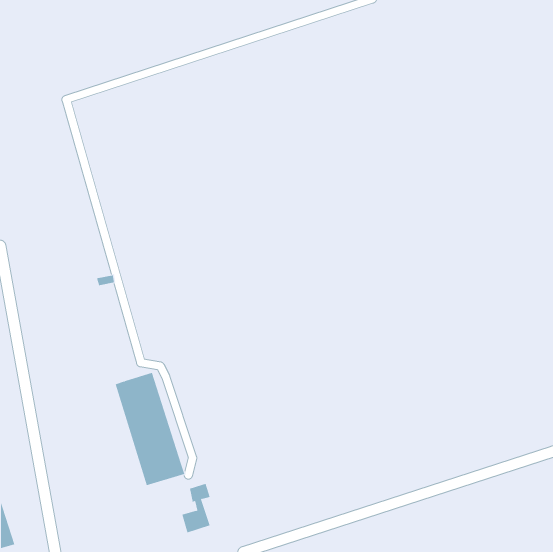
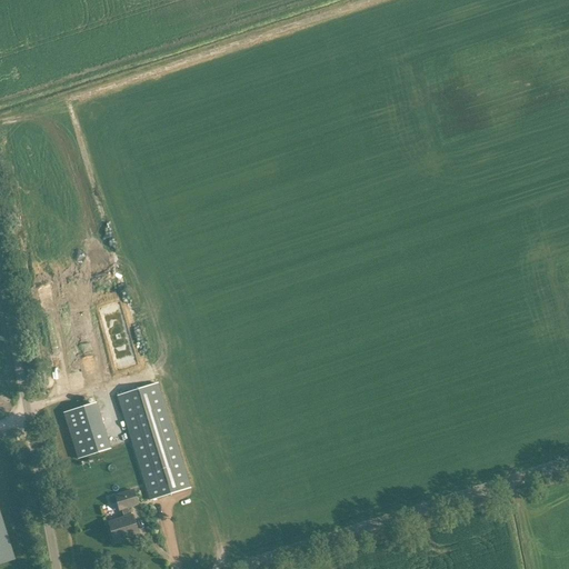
building: none -> [63,401,110,458]
building: [181,483,211,533] -> [108,489,138,540]

